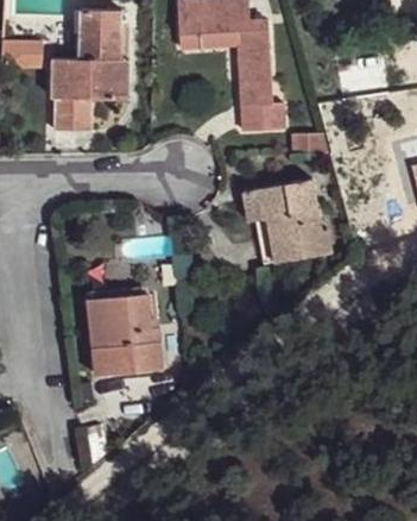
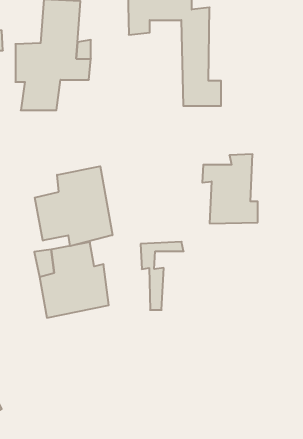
building: [247,186,296,263] -> [141,242,184,310]
building: none -> [35,166,112,246]

